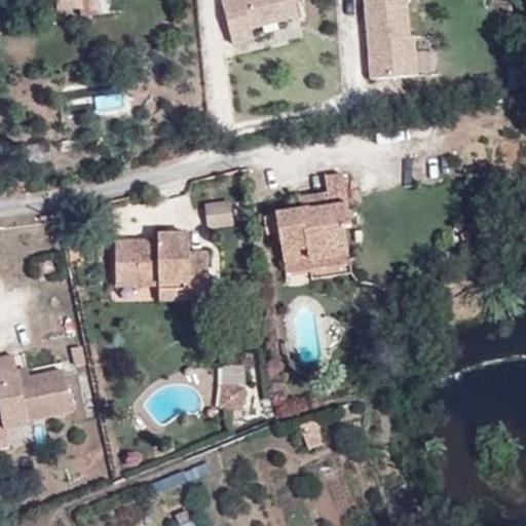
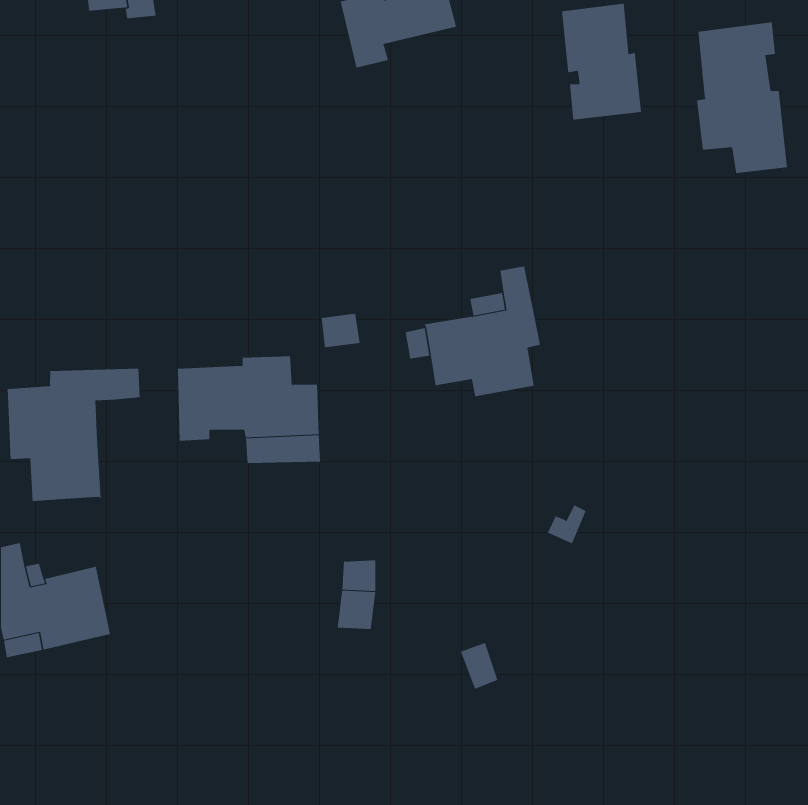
building: none -> [696,21,788,174]
building: none -> [7,368,140,502]
building: [283,247,349,273] -> none

